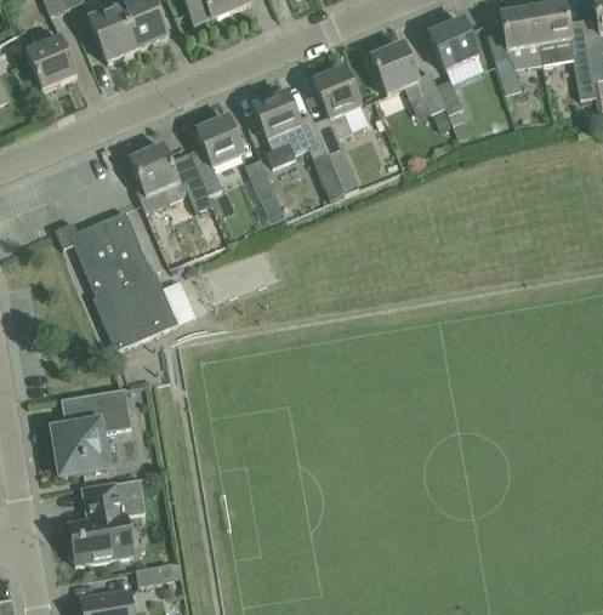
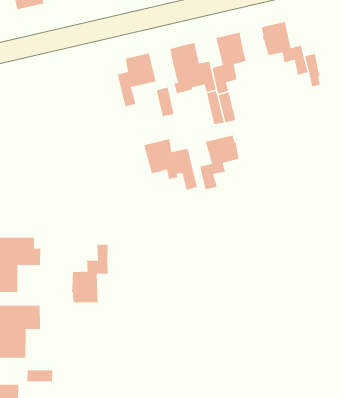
building: [428,17,477,70] -> none
building: [129,143,211,210] -> [143,138,198,191]
building: none -> [199,134,240,190]
building: [55,210,177,349] -> none
building: none -> [71,244,109,303]

